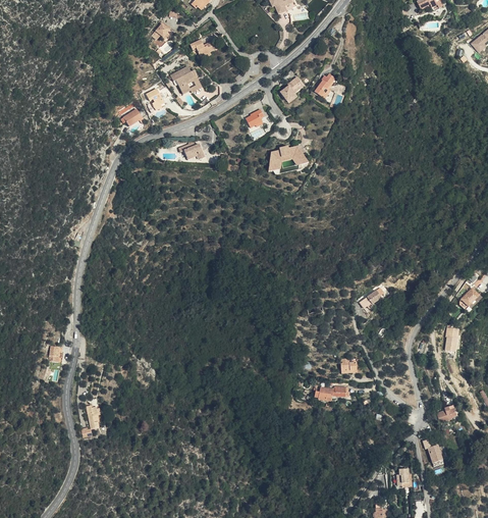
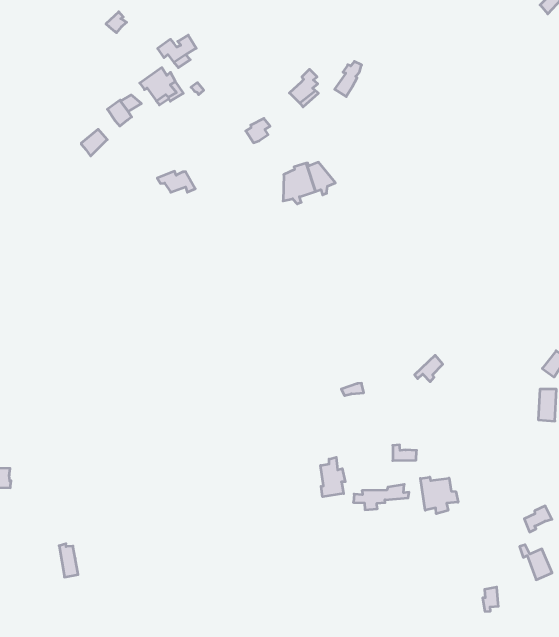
building: none -> [321,457,345,497]
building: none -> [420,477,458,514]

